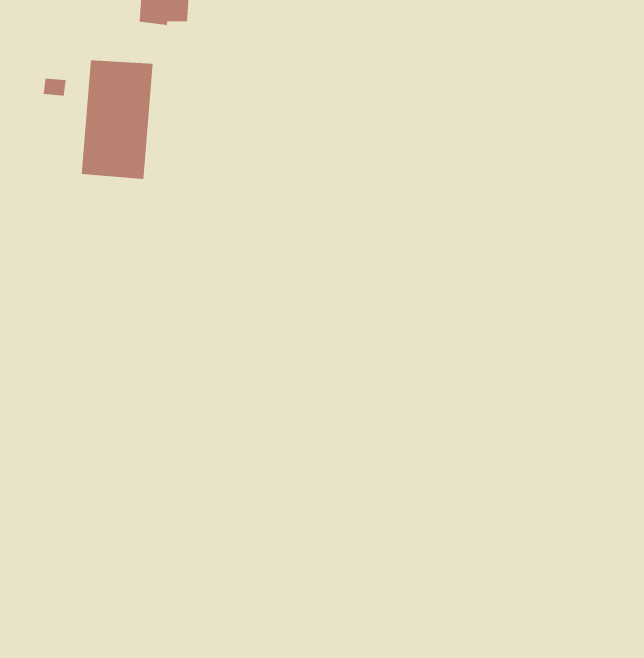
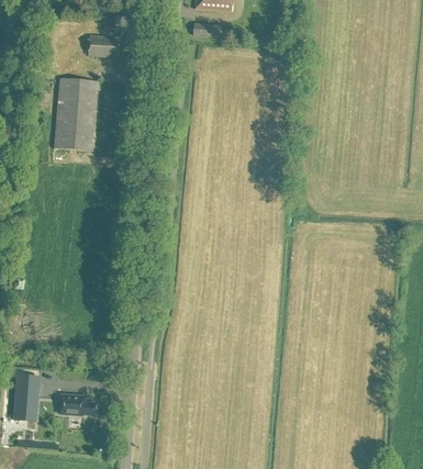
building: none -> [12,366,37,412]
building: none -> [58,393,94,415]

